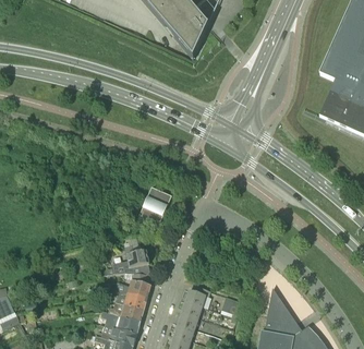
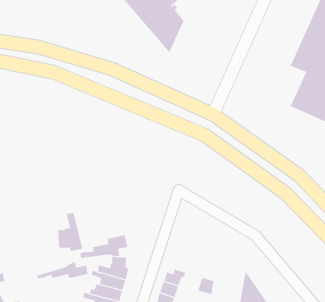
building: [138,185,172,225] -> none
building: none -> [58,212,83,252]
building: none -> [37,258,88,279]

